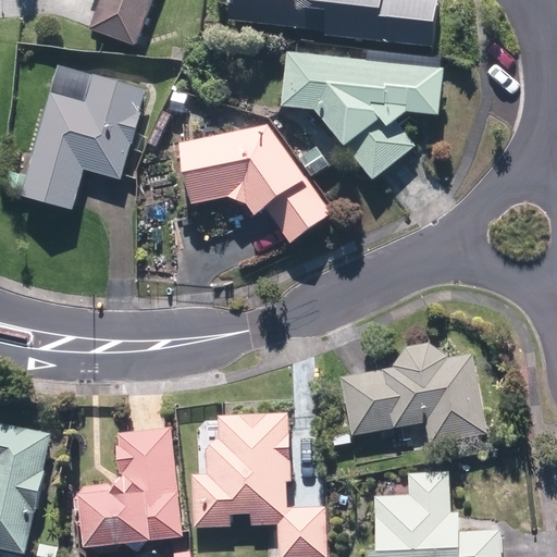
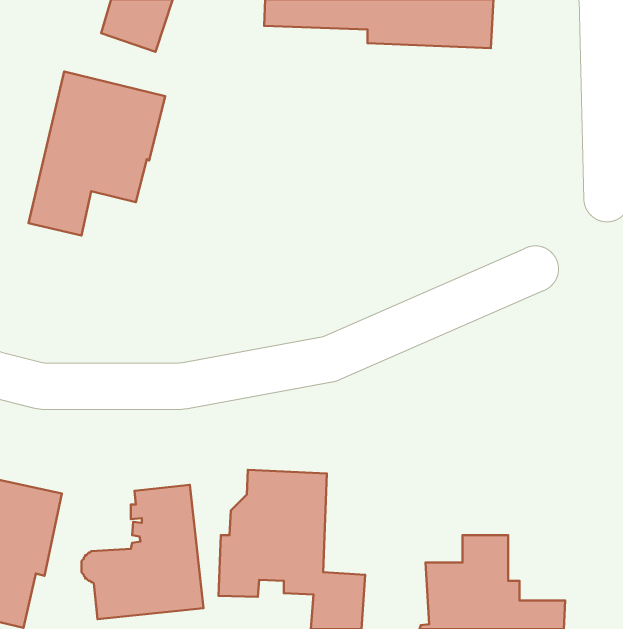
building: [280,53,440,178] -> none
building: [177,124,331,242] -> none
building: [341,343,483,443] -> none

